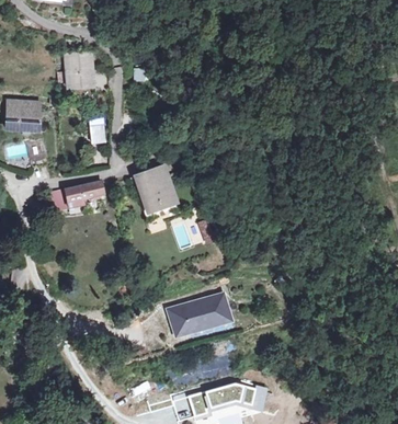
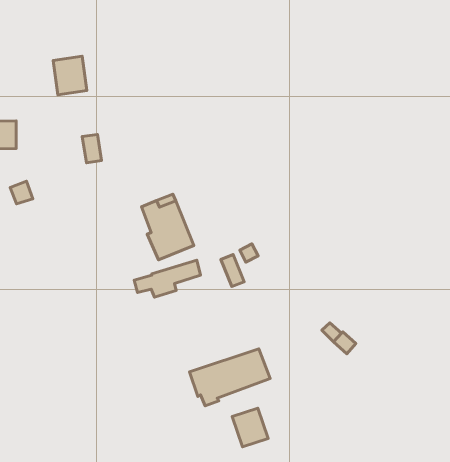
building: [47,180,100,207] -> [134,260,200,297]
building: none -> [232,408,268,447]

